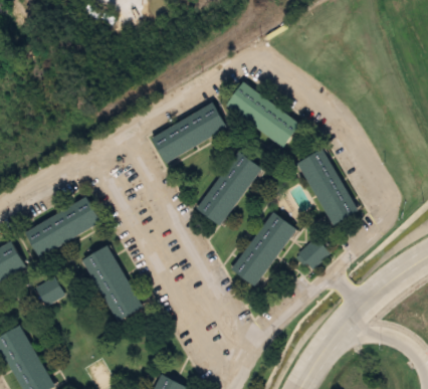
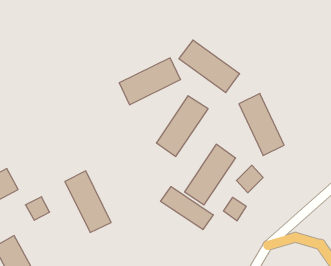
building: [24,199,100,256] -> none
building: none -> [161,187,213,230]
building: none -> [224,197,246,221]

